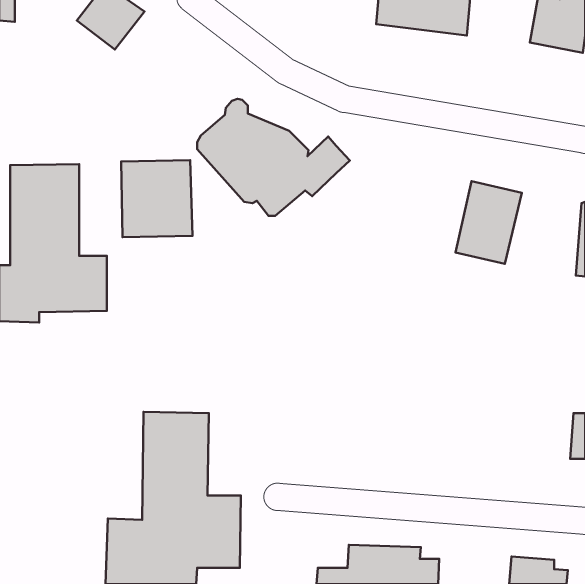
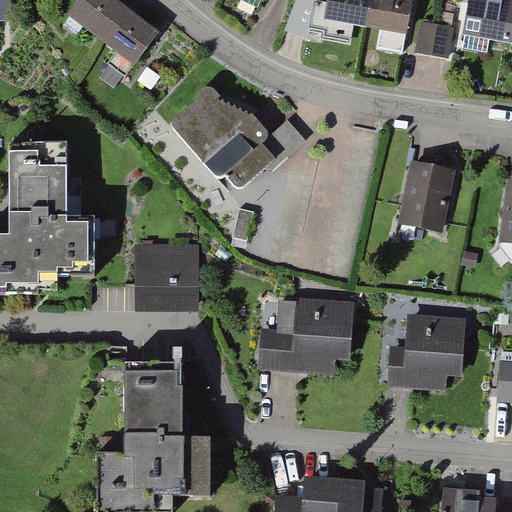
building: none -> [100,10,159,69]
building: none -> [419,24,454,55]
building: [121,160,192,237] -> [135,243,197,310]
building: none -> [259,299,354,372]
building: none -> [386,313,467,387]

